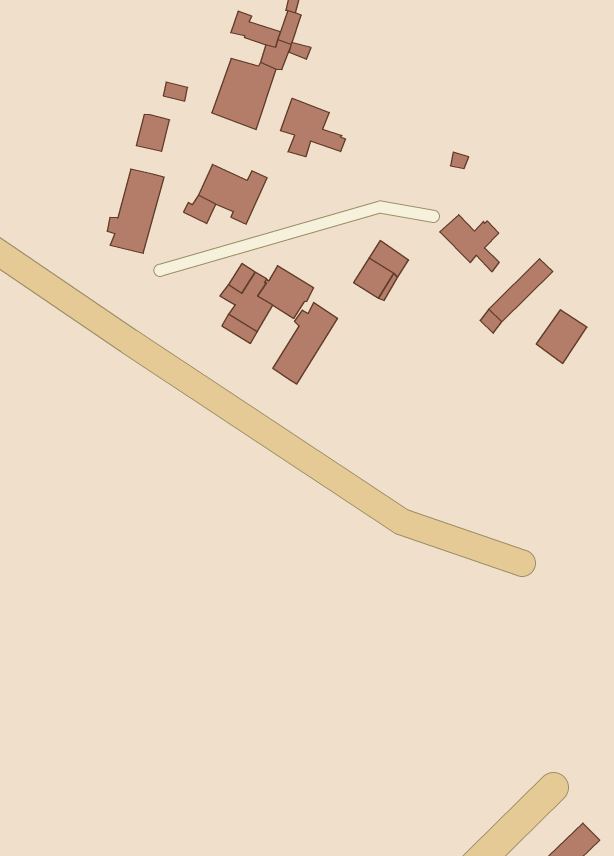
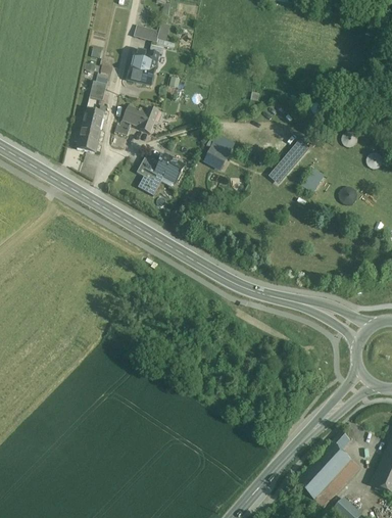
building: [281,98,345,157] -> none
building: [440,215,499,272] -> none
building: [273,302,337,384] -> none

